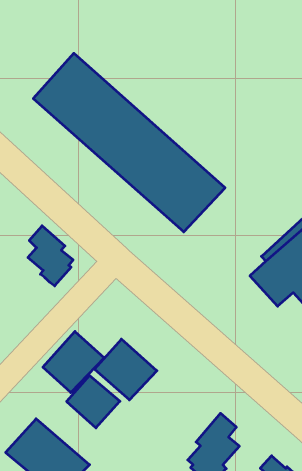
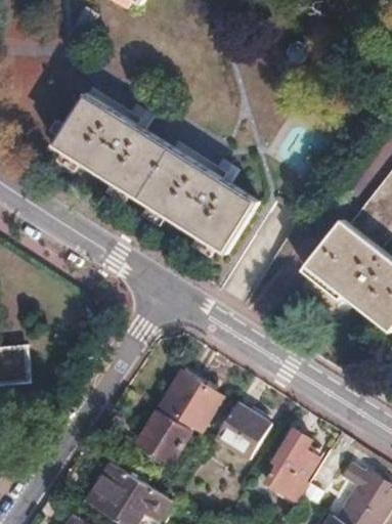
building: [28,226,73,286] -> none
building: [43,331,104,393] -> none
building: none -> [214,402,269,457]

